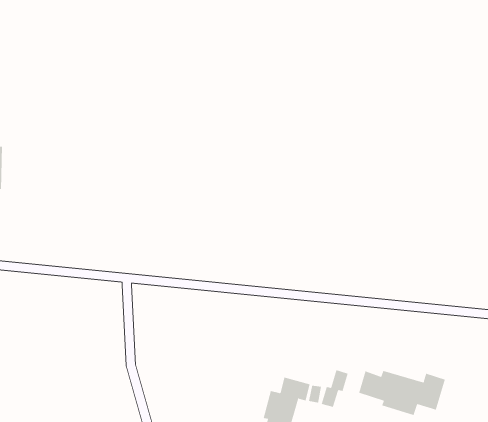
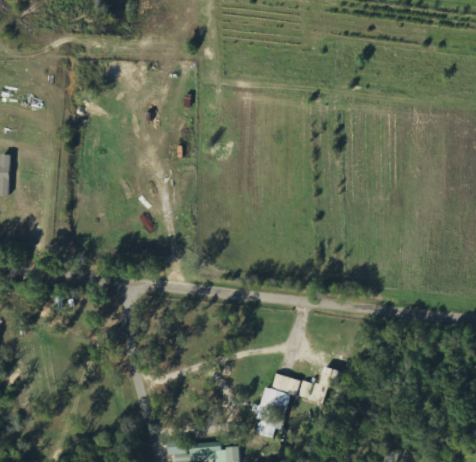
building: [359,370,445,416] -> none

